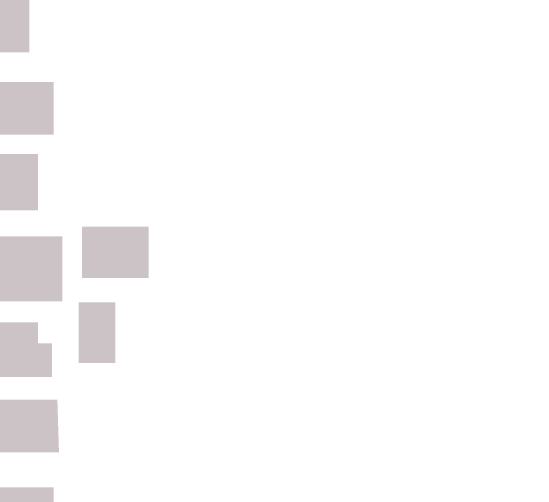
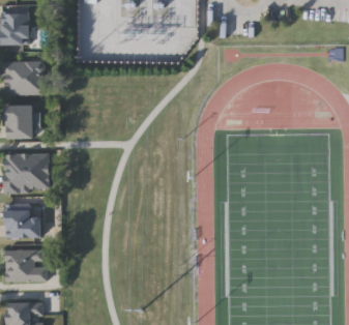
building: [81,226,150,279] -> none
building: [78,302,116,364] -> none

